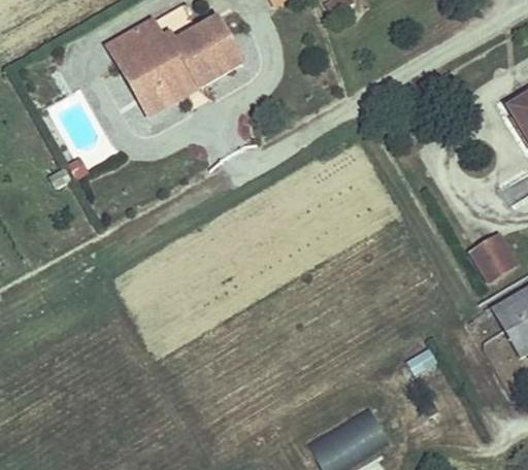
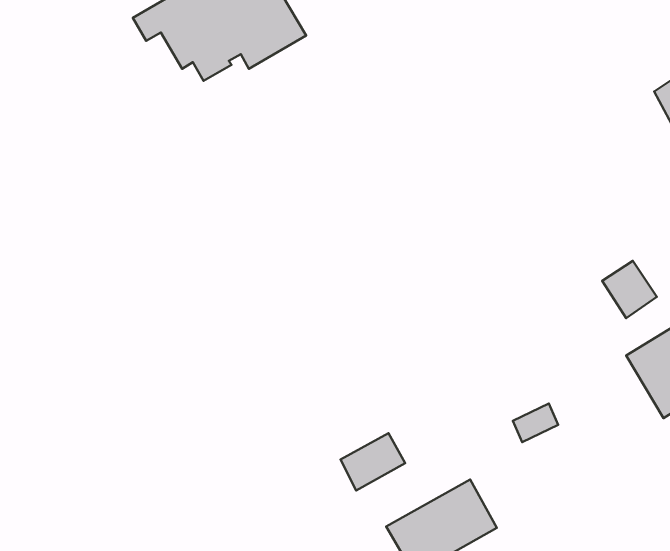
building: [120,60,199,116] -> none
building: none -> [340,433,405,491]

